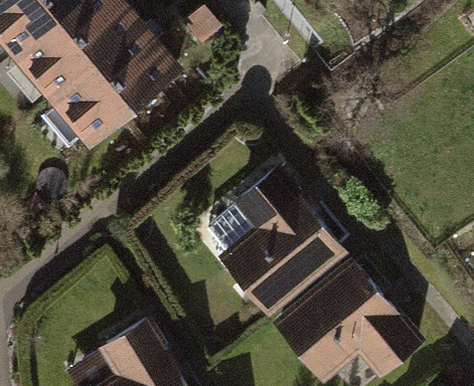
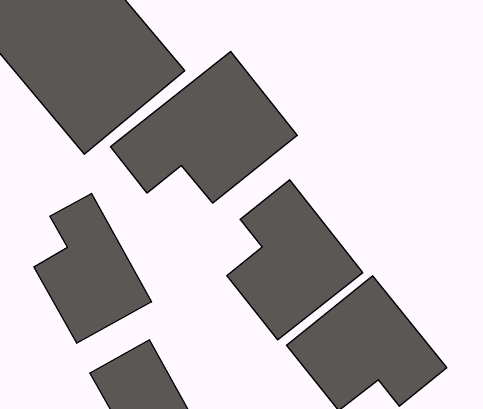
building: none -> [111,51,297,203]
building: none -> [34,193,152,343]

